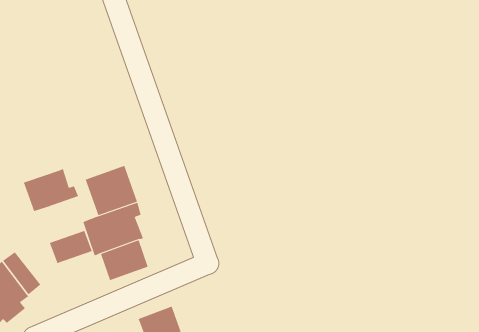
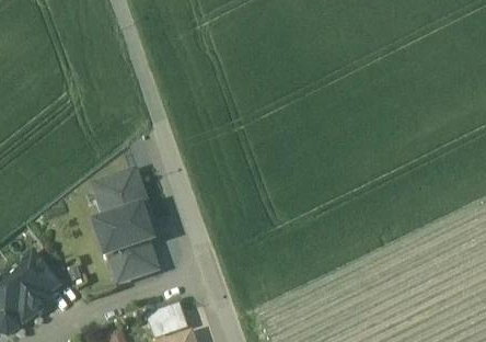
building: [23,168,79,212] -> none
building: [49,230,93,264] -> none

